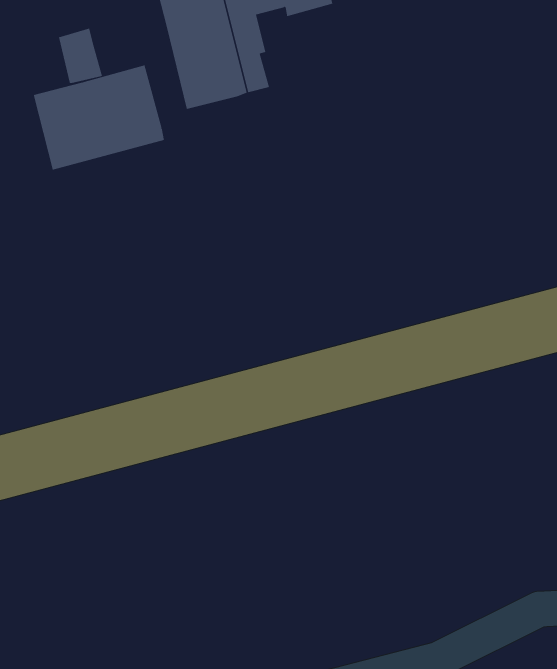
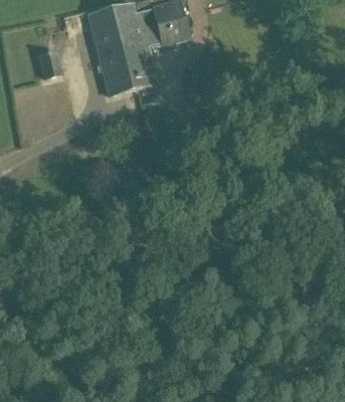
building: [33,64,164,170] -> none

